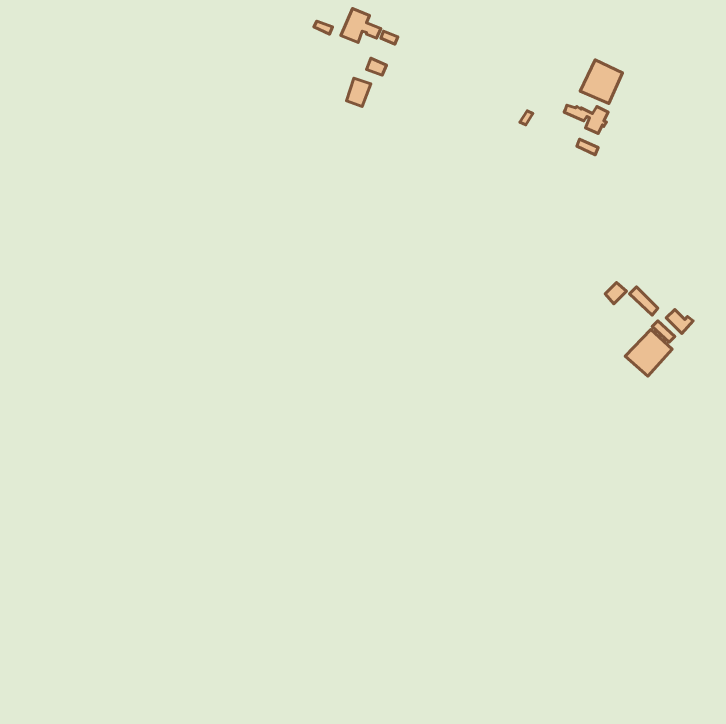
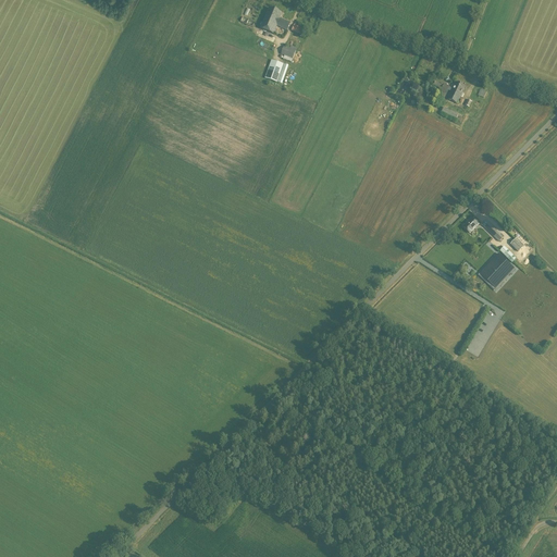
building: [580,60,623,104] -> none

